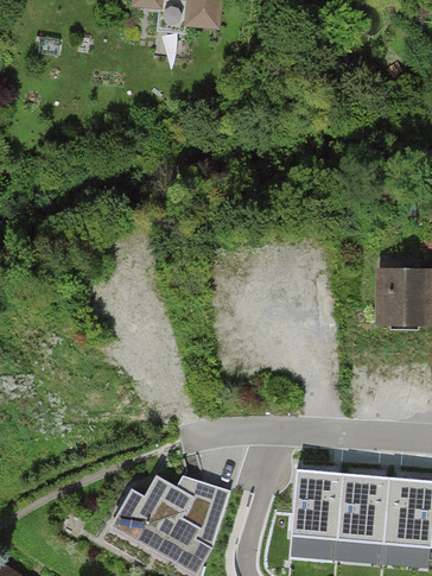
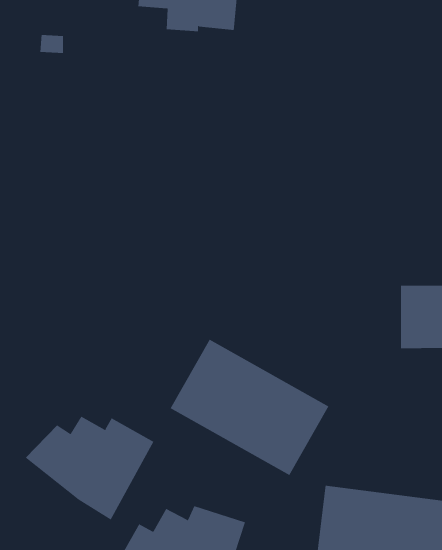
building: none -> [170,339,329,476]
building: none -> [25,416,154,520]

